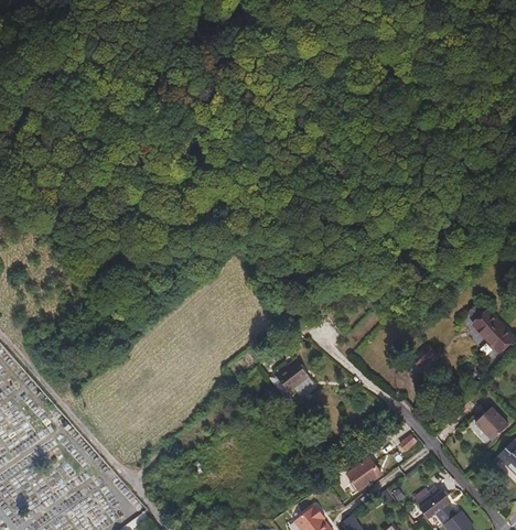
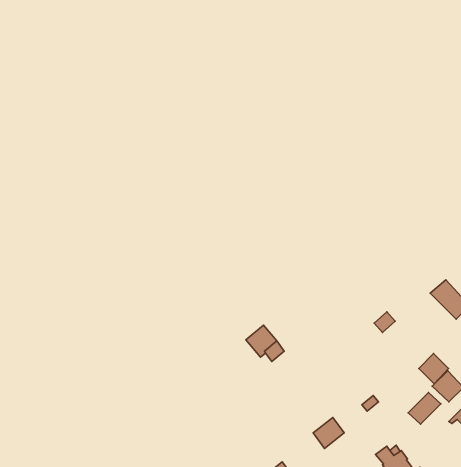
building: none -> [419,353,448,384]
building: none -> [408,393,441,424]

